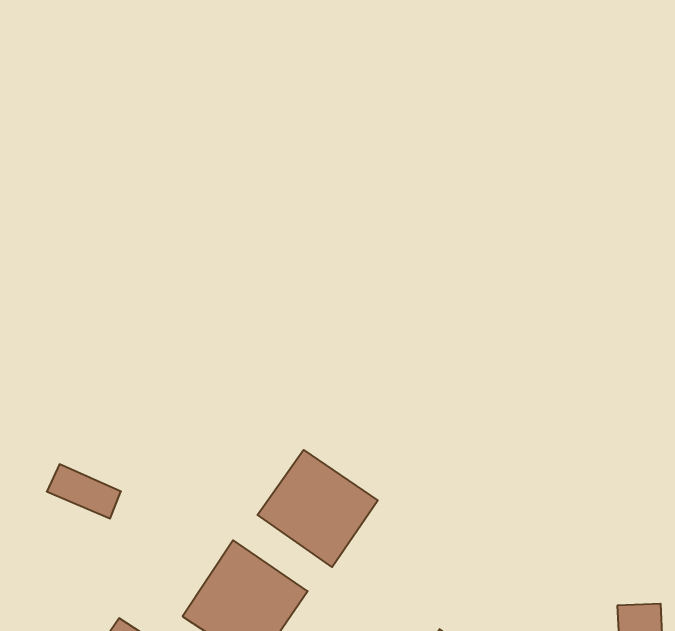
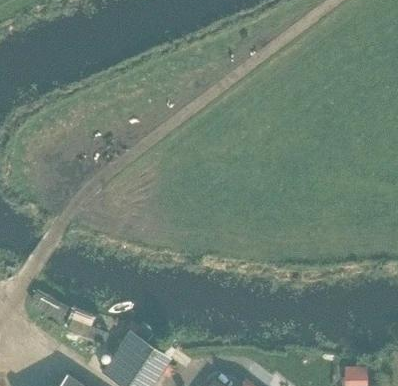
building: [257,450,378,567] -> none

